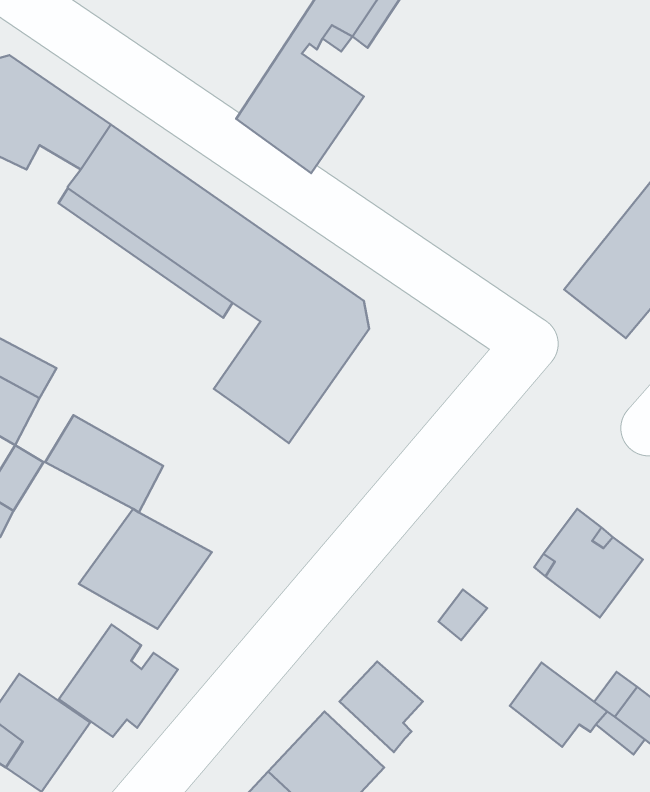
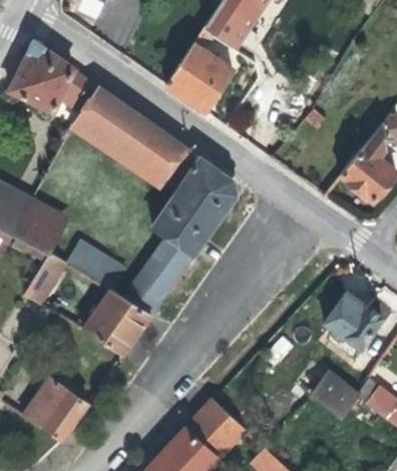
building: none -> [126,237,193,313]
building: [59,624,178,737] -> none
building: [340,661,423,752] -> none

